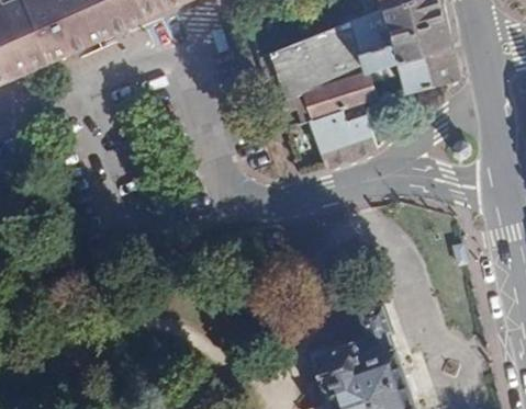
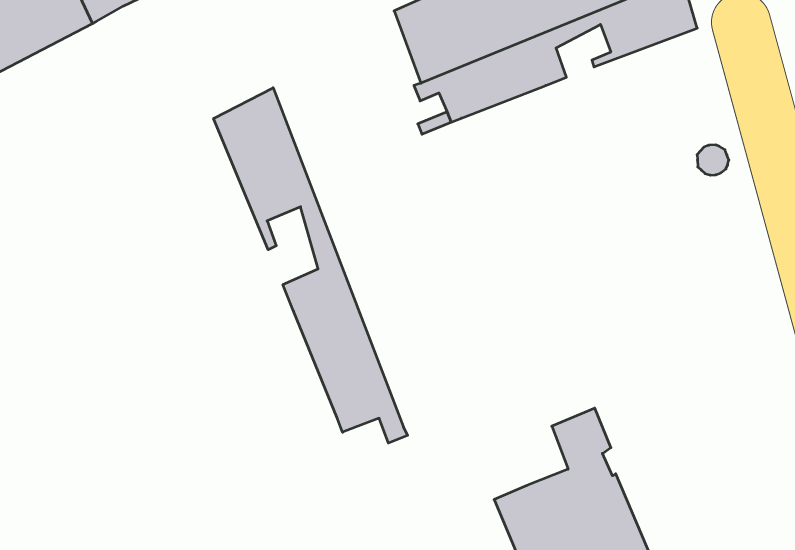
building: none -> [214,88,408,443]
building: [306,103,373,167] -> none

